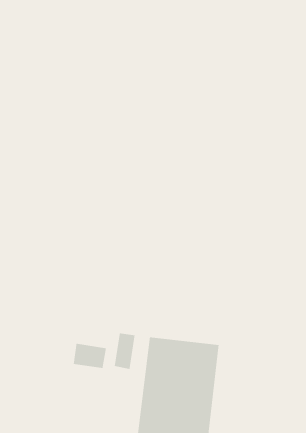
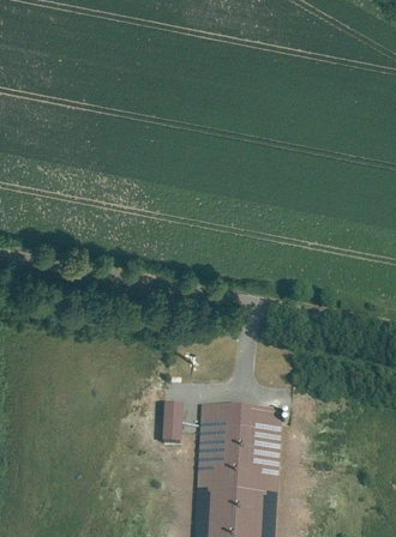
building: [73,343,107,369] -> none

